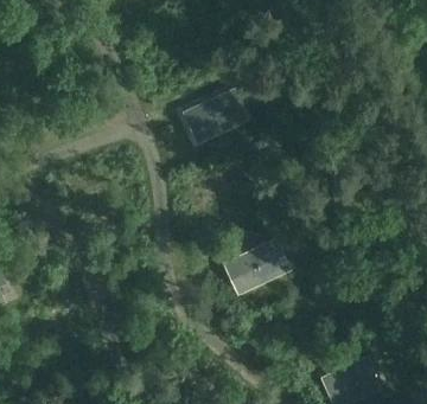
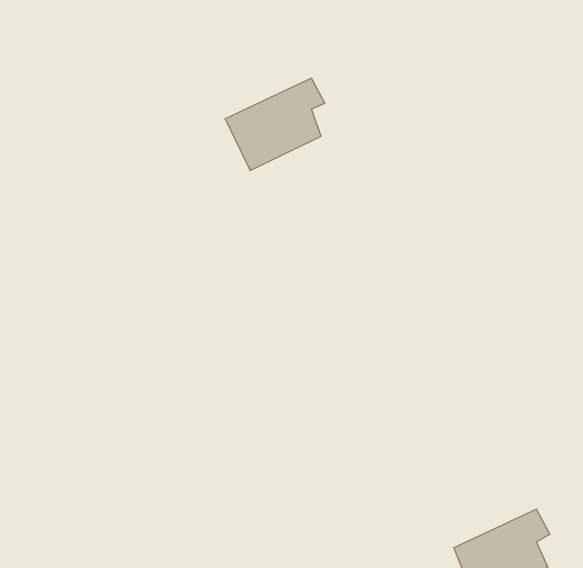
building: [224,238,285,295] -> none

